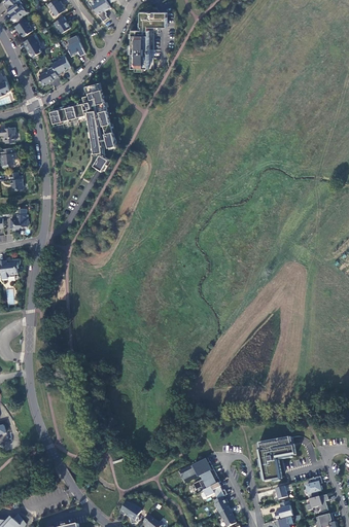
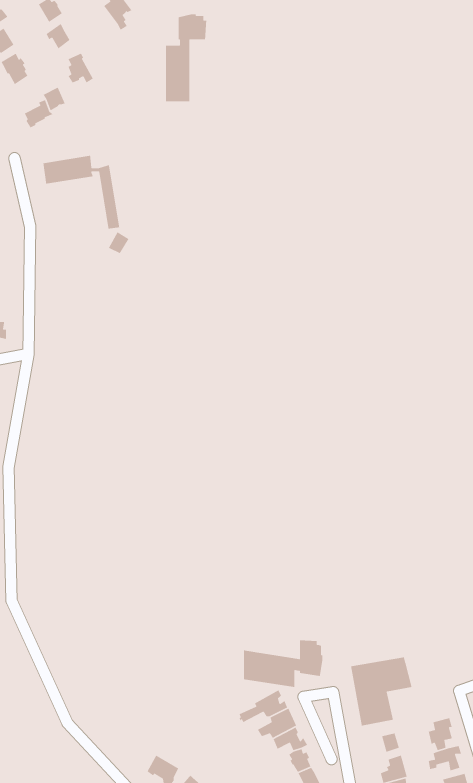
building: [85,83,115,147] -> none
building: none -> [243,640,323,688]

